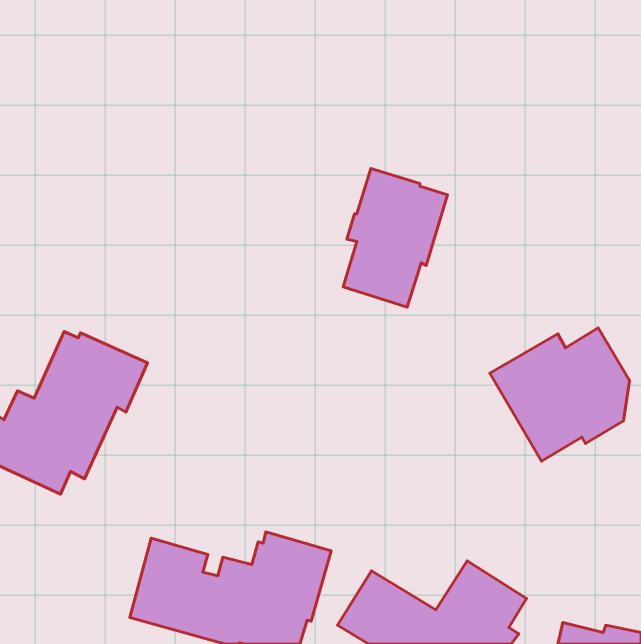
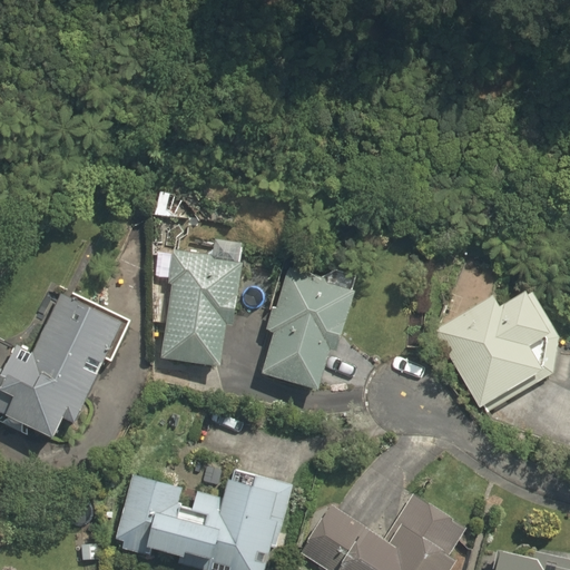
building: [343,168,448,307] -> [259,266,352,389]
building: none -> [159,250,242,366]

